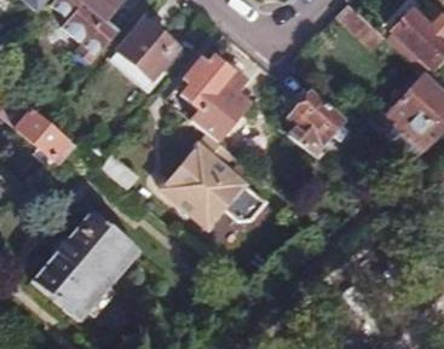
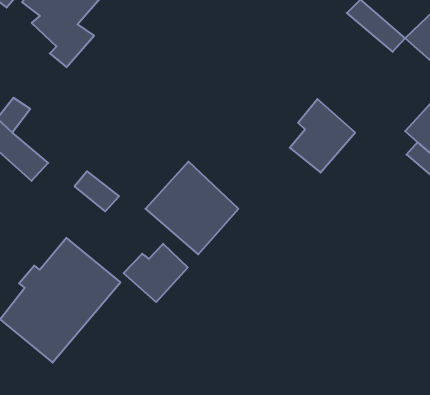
building: [114,17,179,83] -> none
building: [184,56,252,140] -> none
building: none -> [124,244,188,302]

